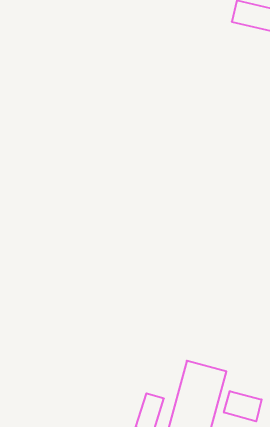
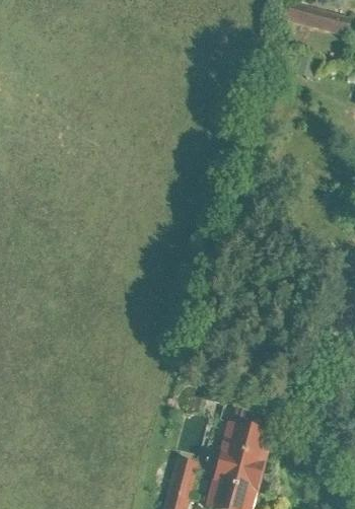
building: [224,391,262,421] -> none

